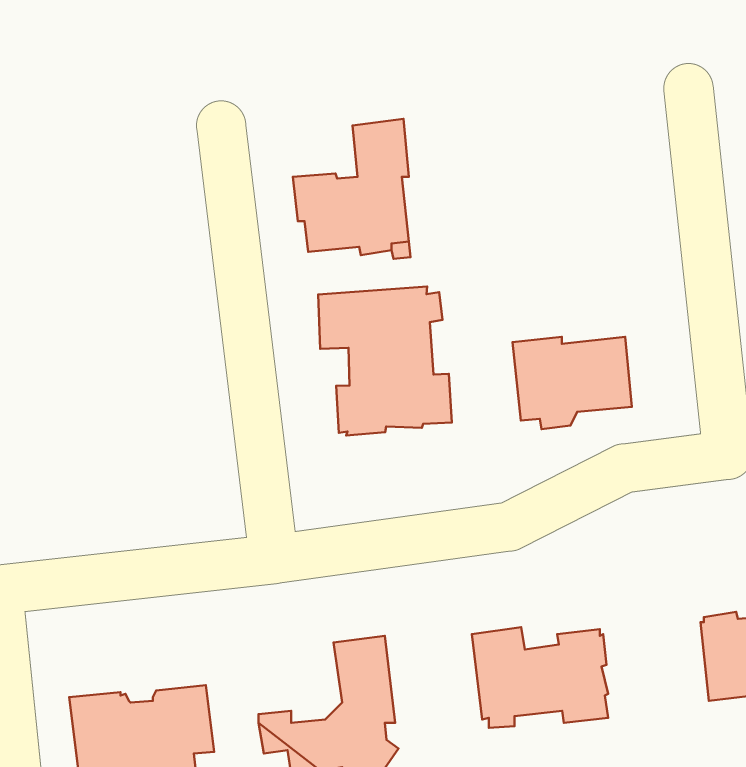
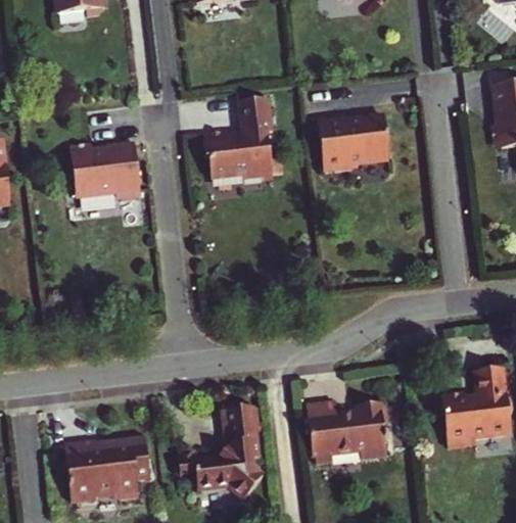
building: none -> [65,141,135,197]
building: [318,287,452,435] -> none
building: [512,337,632,429] -> [314,113,385,169]

